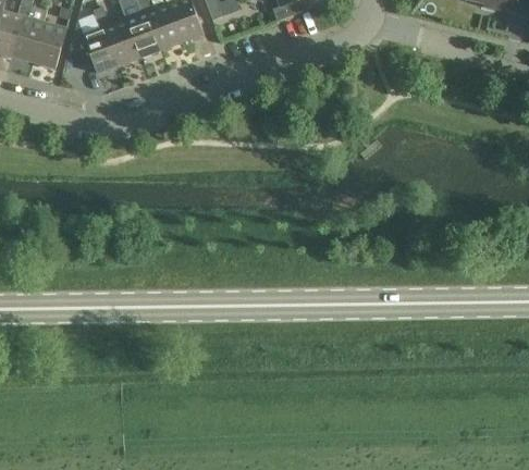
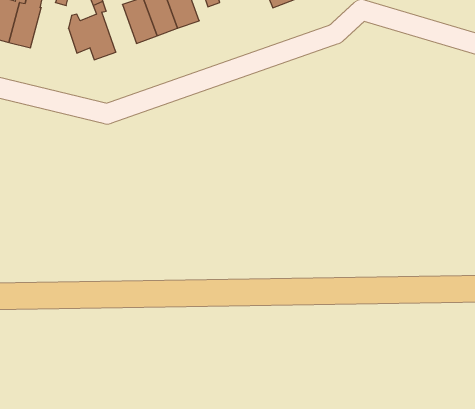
building: [104,17,139,65] -> none
building: [33,21,65,67] -> none

